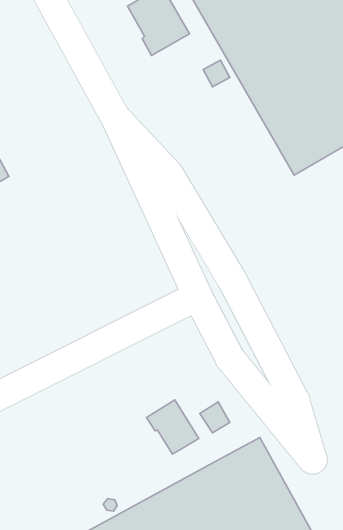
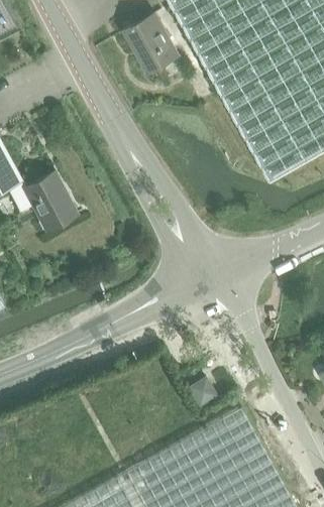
building: none -> [25,174,75,231]
building: [146,400,199,454] -> none

